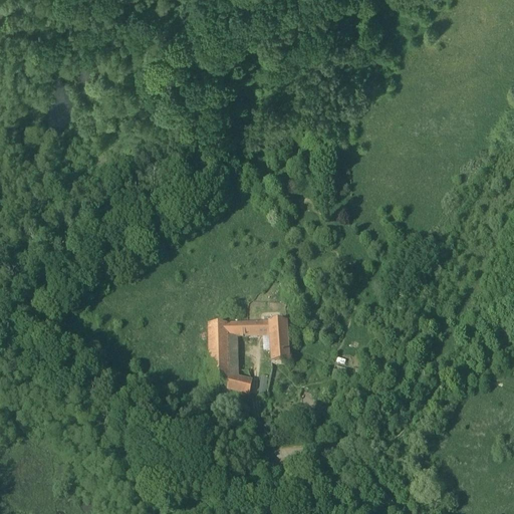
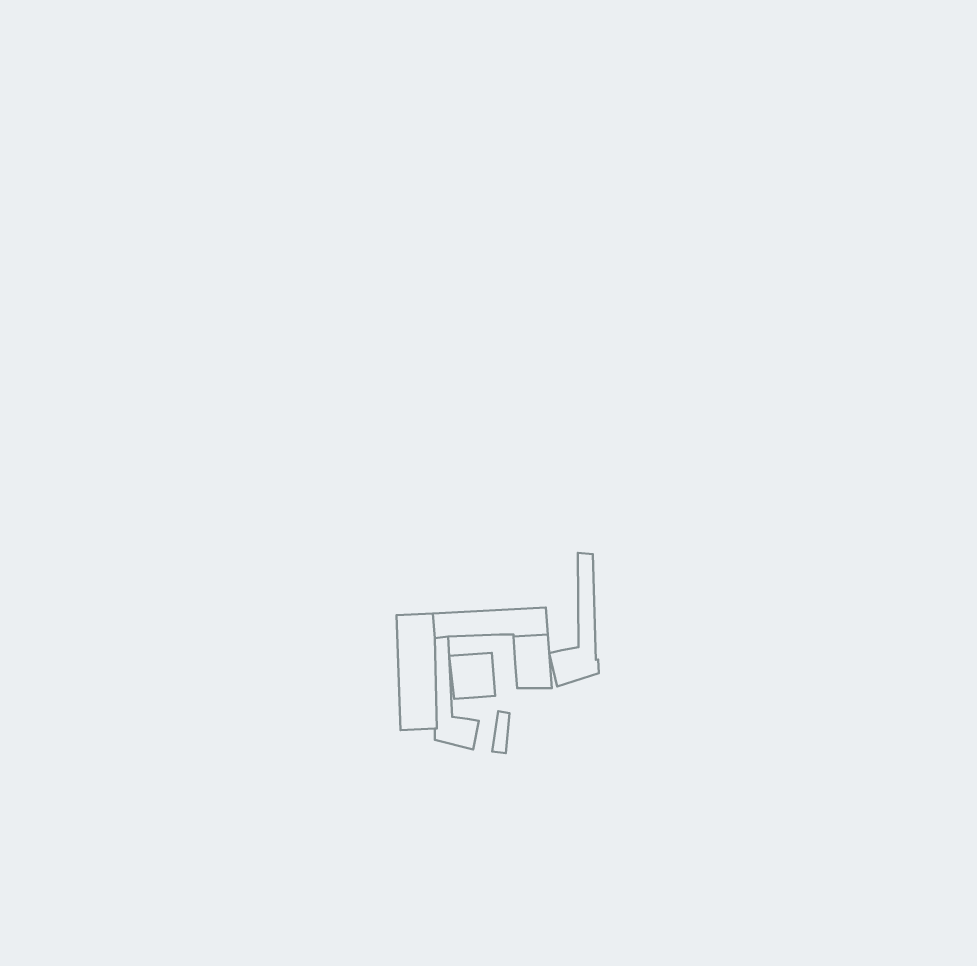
building: none -> [549,553,599,686]
building: none -> [449,653,495,699]

